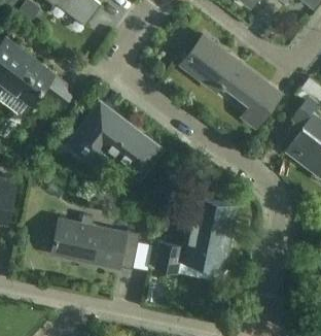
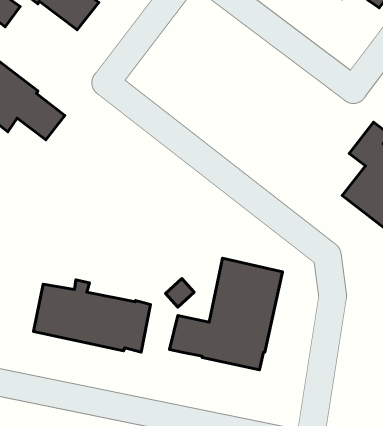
building: [183,36,280,126] -> none
building: [69,103,162,177] -> none

